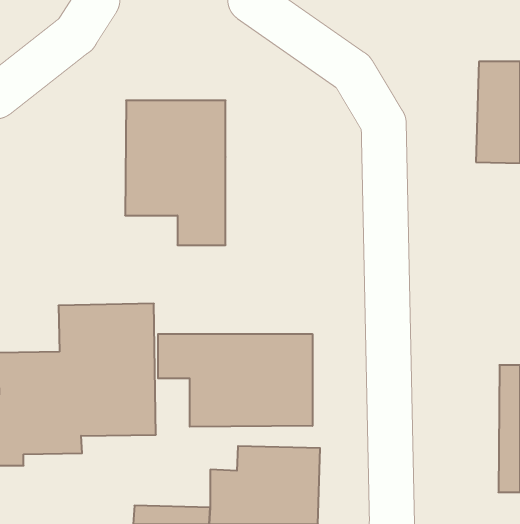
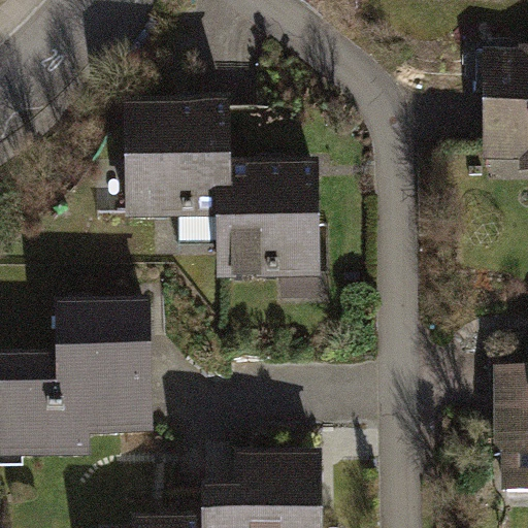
building: none -> [227,158,323,305]
building: [158,334,312,427] -> none

